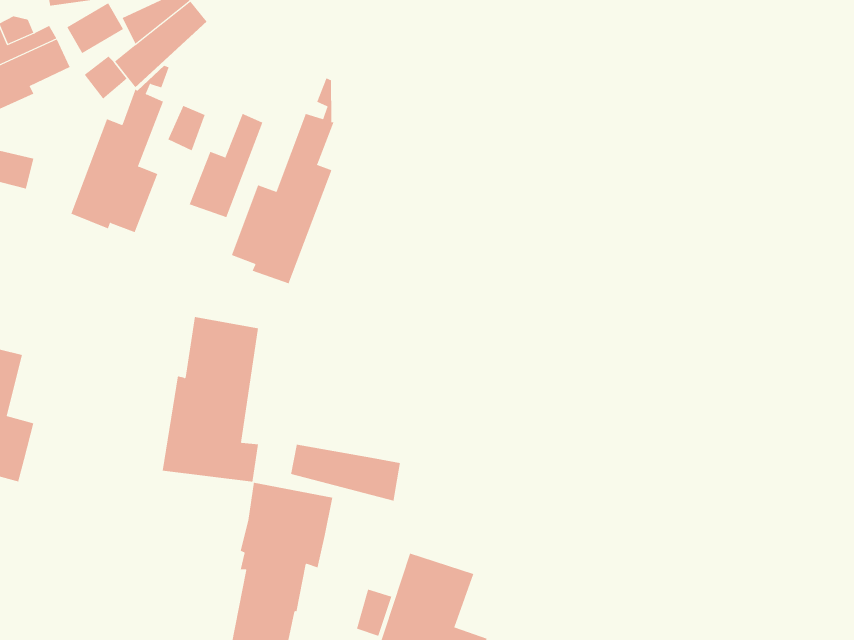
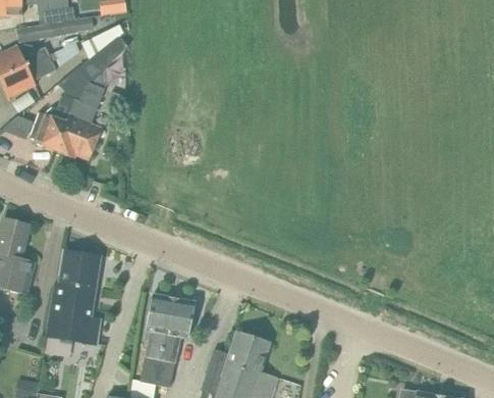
building: [231,77,335,284] -> none
building: [189,113,263,218] -> [34,94,73,150]
building: [162,317,259,482] -> [47,251,99,340]
building: [291,444,400,501] -> none

